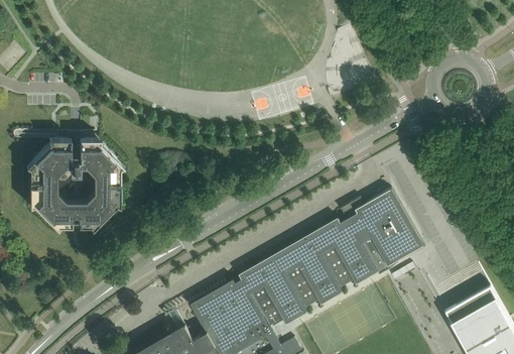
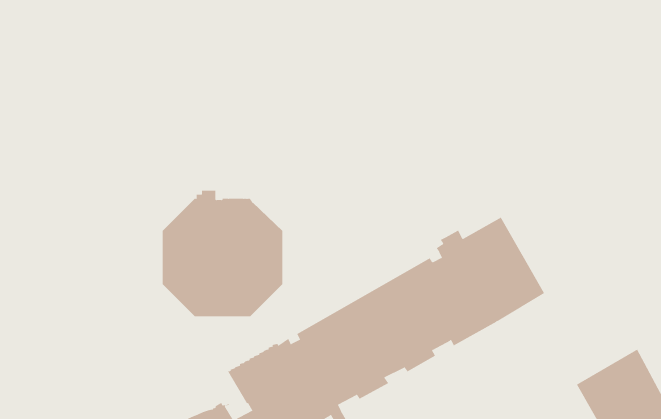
building: [30,133,120,227] -> [162,190,283,317]

